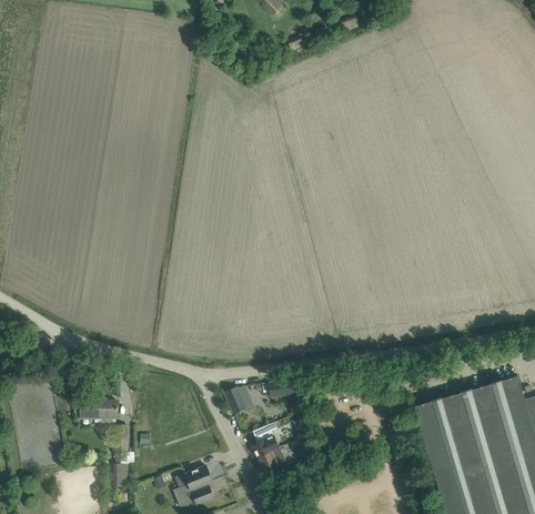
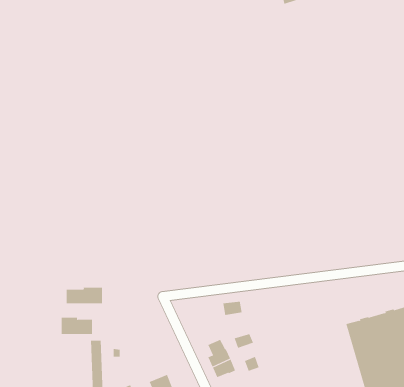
building: none -> [66,287,102,304]
building: [224,386,252,413] -> none

